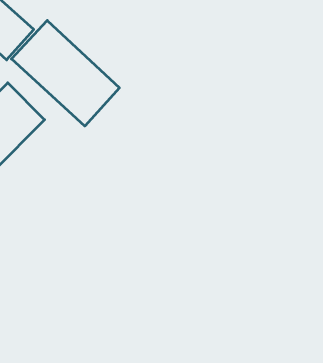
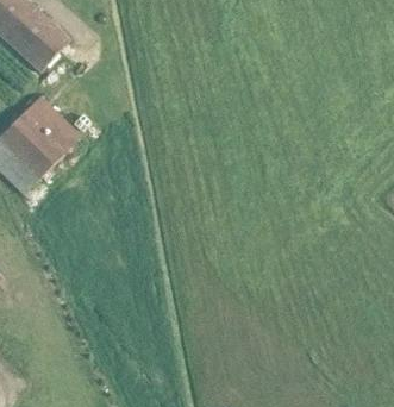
building: [11,20,119,126] -> none

